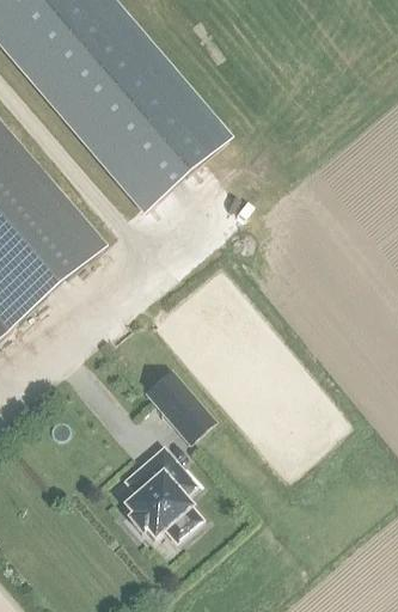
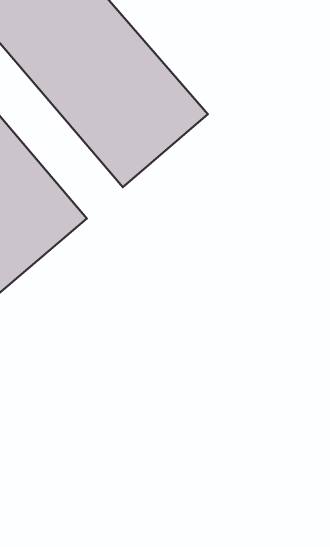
building: [146,368,214,441] -> none
building: [124,446,195,538] -> none

